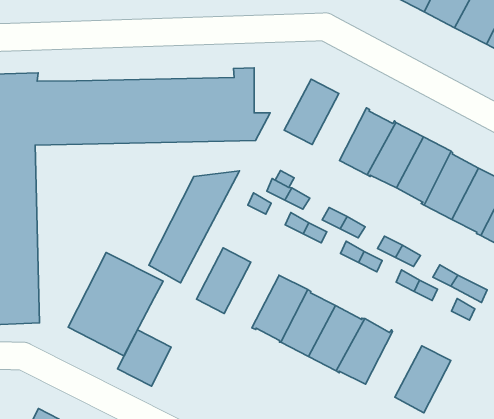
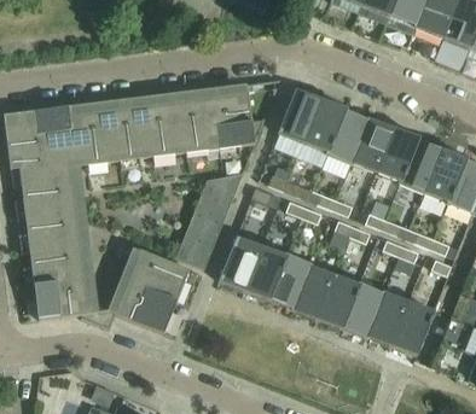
building: none -> [302,98,344,153]
building: none -> [243,245,285,299]
building: [118,330,171,386] -> none
building: none -> [366,291,410,345]

